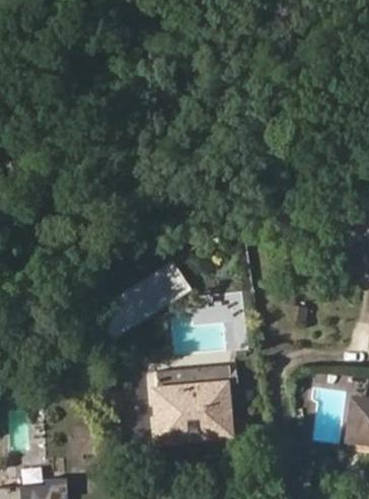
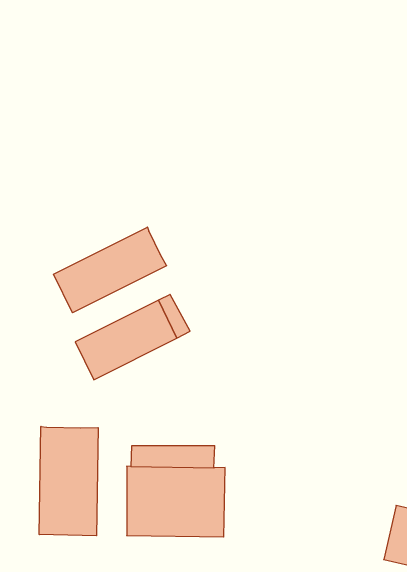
building: none -> [53,227,167,313]
building: none -> [39,426,98,536]

